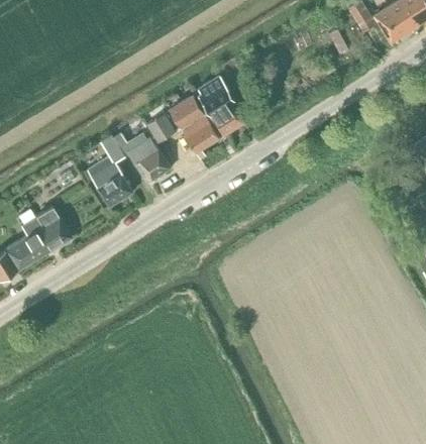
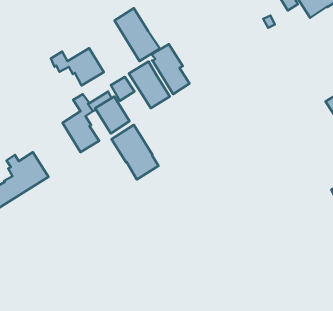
building: none -> [115,8,160,61]
building: none -> [51,48,104,86]
building: none -> [112,125,159,179]

